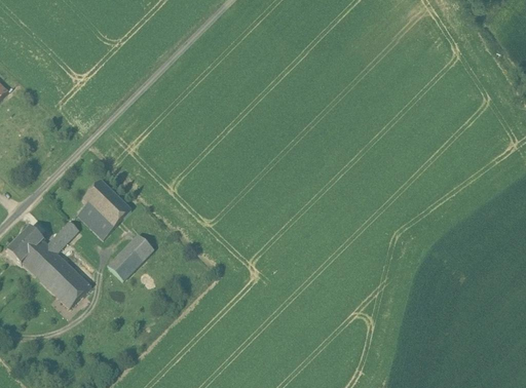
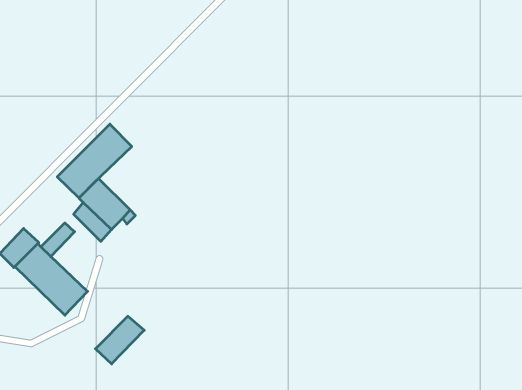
building: none -> [57,124,132,198]
building: [107,234,153,279] -> [95,316,144,364]

